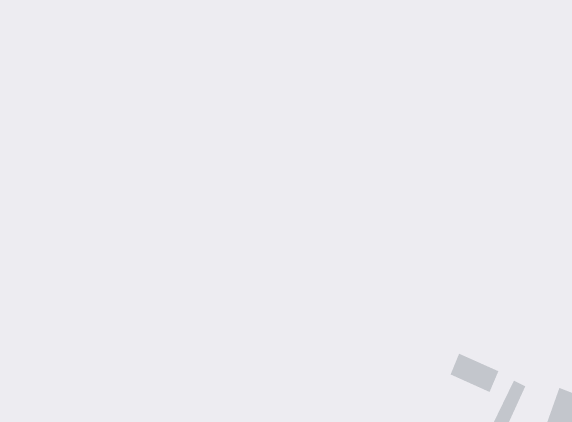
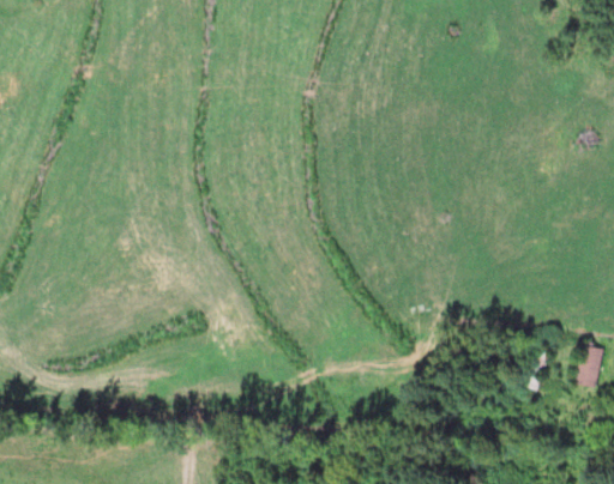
building: [450,353,499,393] -> none

